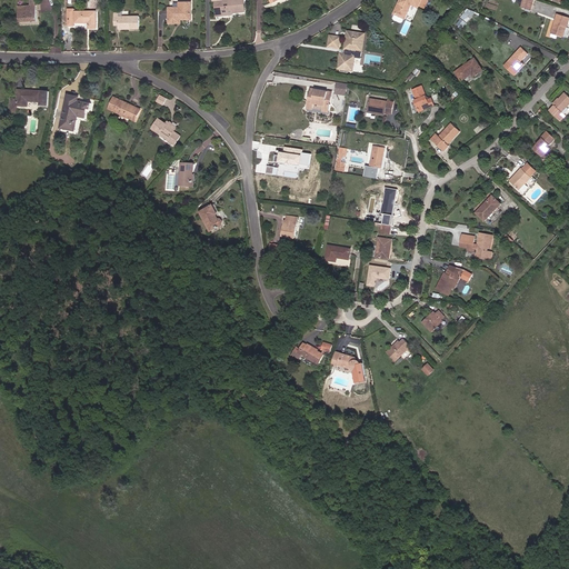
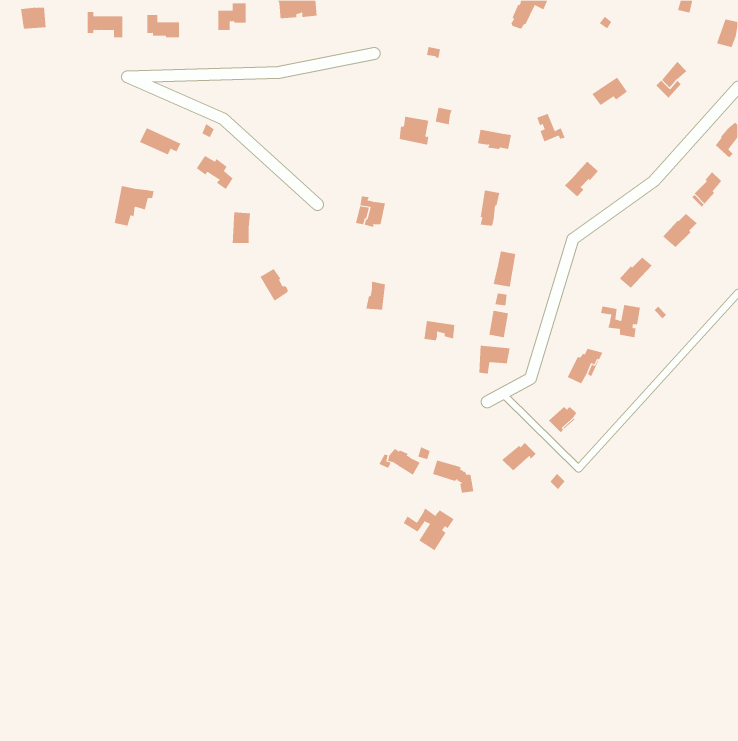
building: [337,32,362,70] -> none
building: [8,90,47,112] -> none
building: [59,99,90,130] -> [114,185,154,226]
building: none -> [403,508,455,551]

